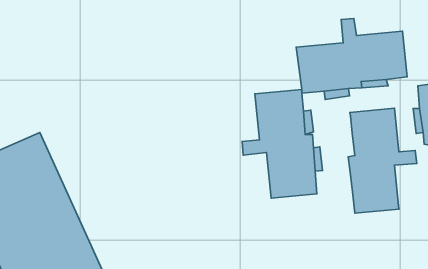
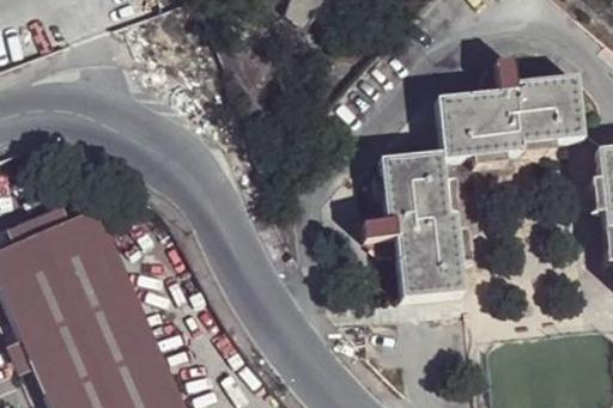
building: [348,108,417,213] -> none

